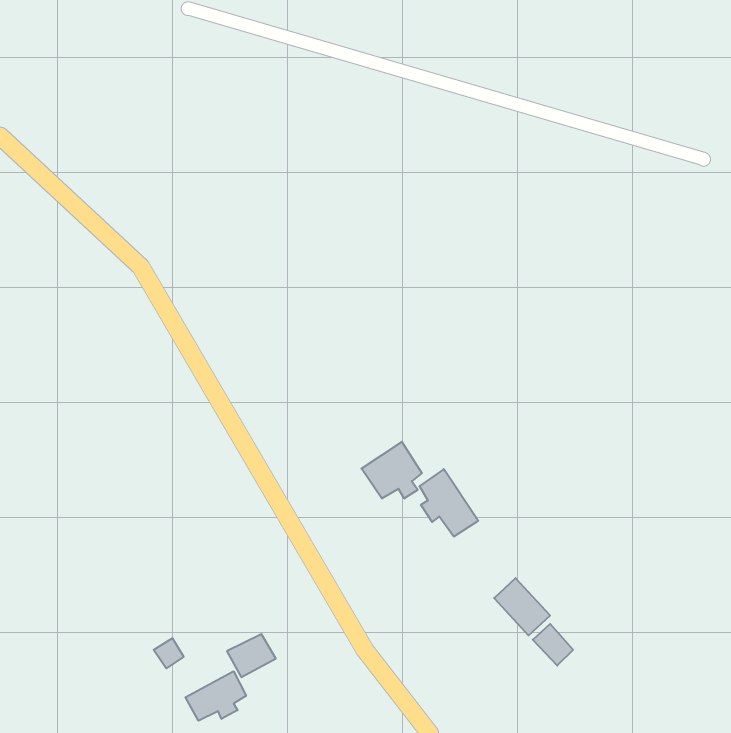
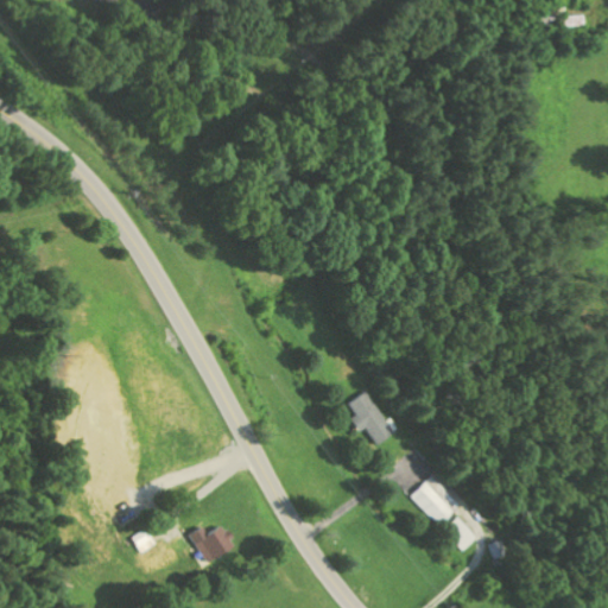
building: [361,442,422,499] -> none
building: [185,671,246,721] -> none

